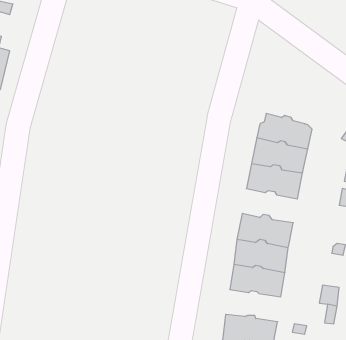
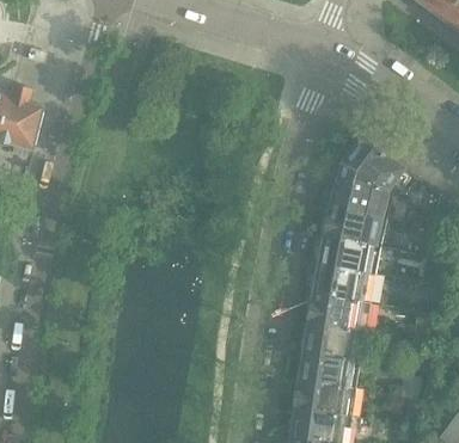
building: none -> [338,137,403,195]
building: none -> [311,263,374,302]
building: none -> [292,379,355,416]

